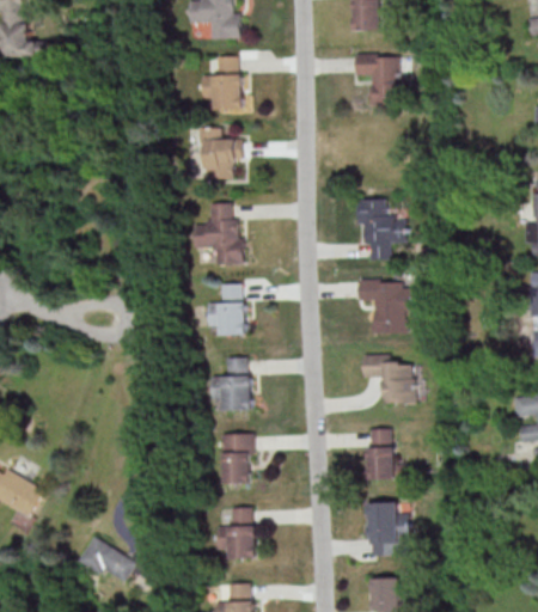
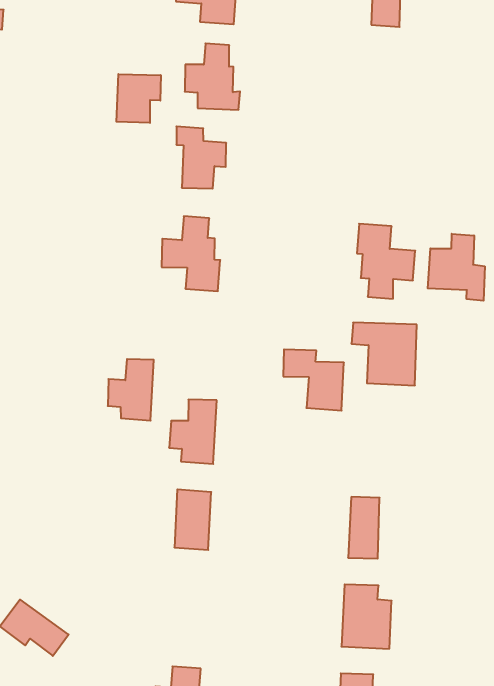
building: [354,55,399,105] -> none
building: none -> [116,74,161,123]
building: none -> [428,234,485,301]
building: [207,283,245,335] -> [108,359,154,421]
building: [362,354,415,403] -> [283,349,344,411]
building: [216,508,255,558] -> none

